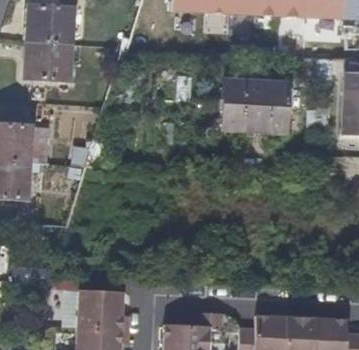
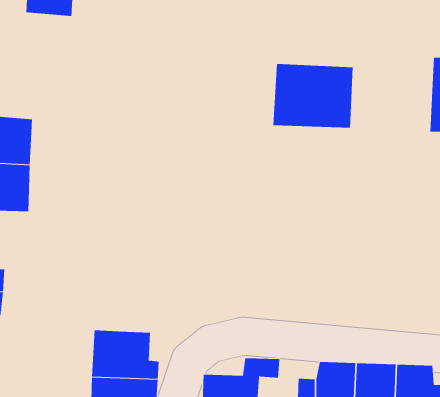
building: [23,41,62,80] -> none

